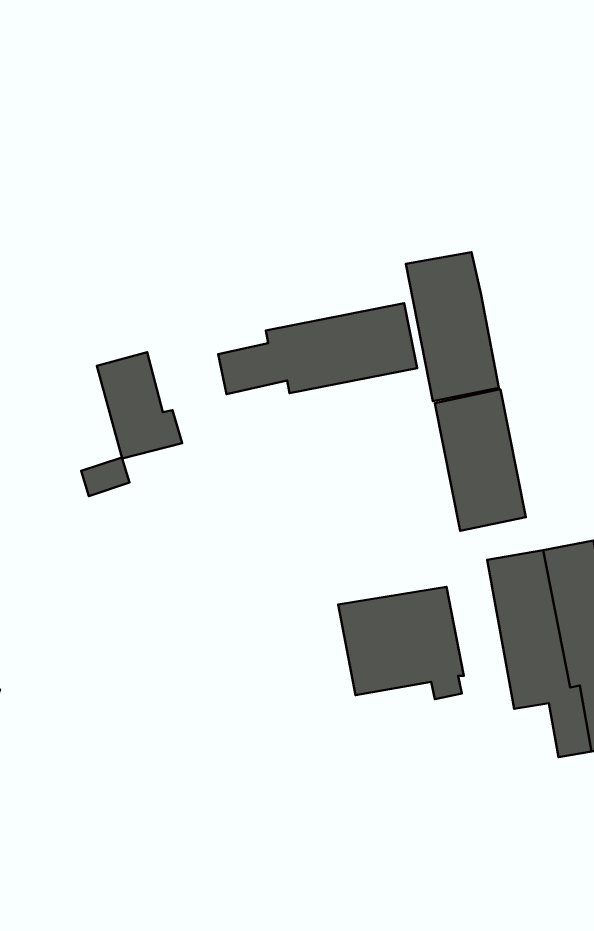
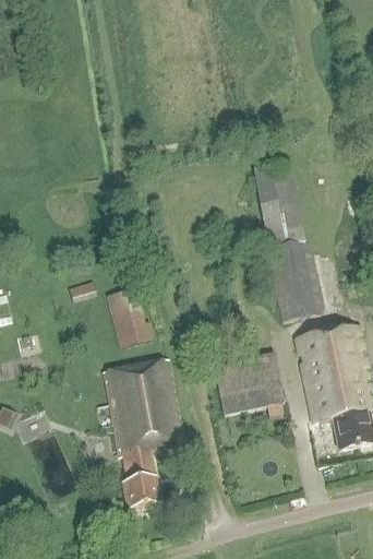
building: [218,303,417,394] -> none
building: [97,352,182,459] -> [107,287,155,347]
building: none -> [103,358,181,506]

